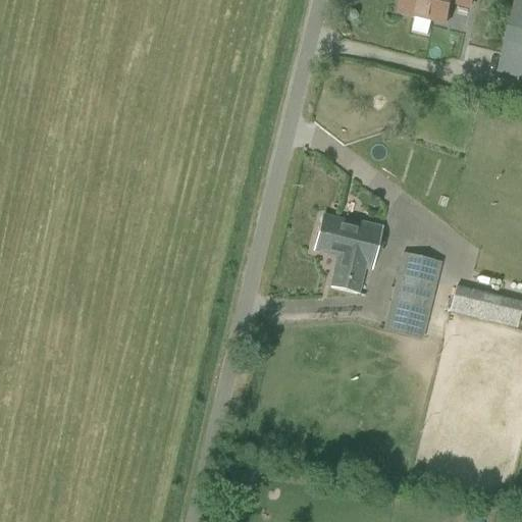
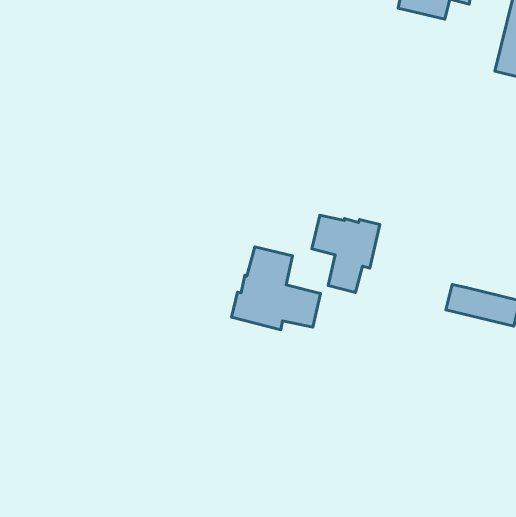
building: none -> [232,247,320,330]
building: [384,252,443,340] -> none

